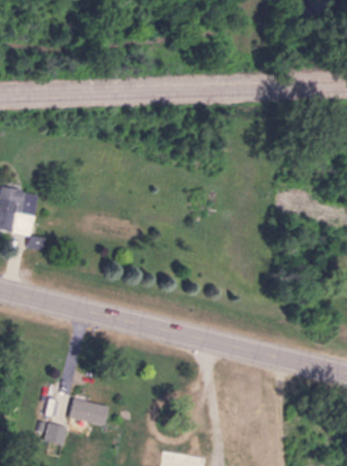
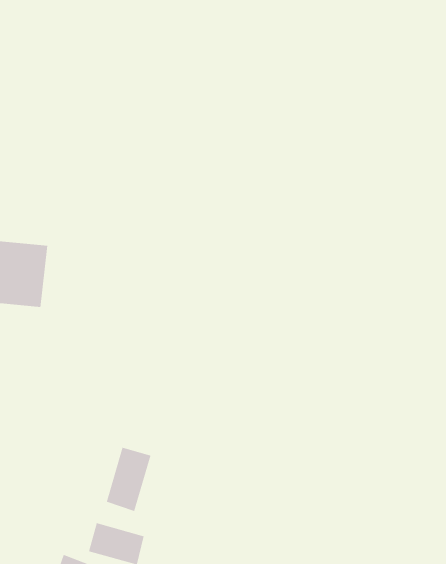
building: none -> [106,447,151,512]

